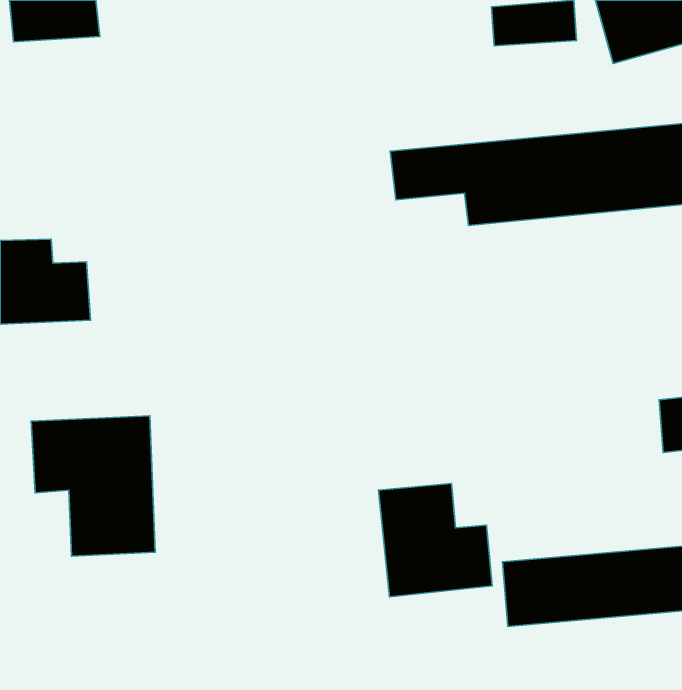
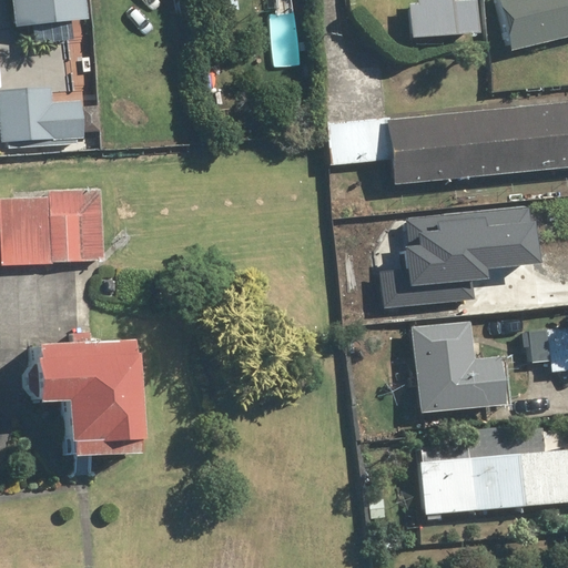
building: none -> [12,85,92,150]
building: none -> [383,197,542,304]
building: [379,483,492,597] -> [410,321,504,414]

